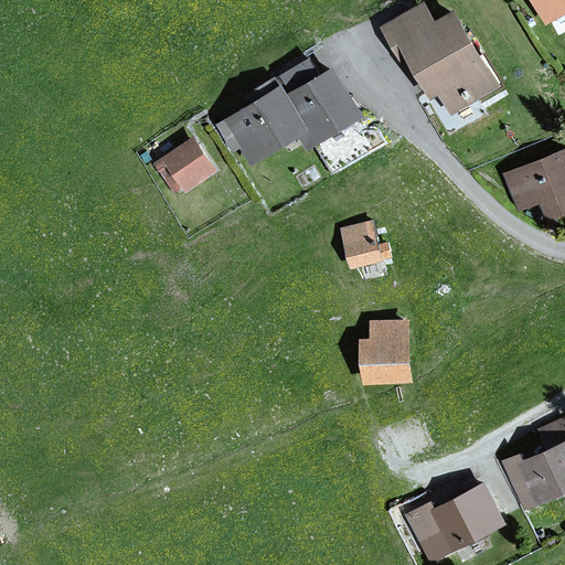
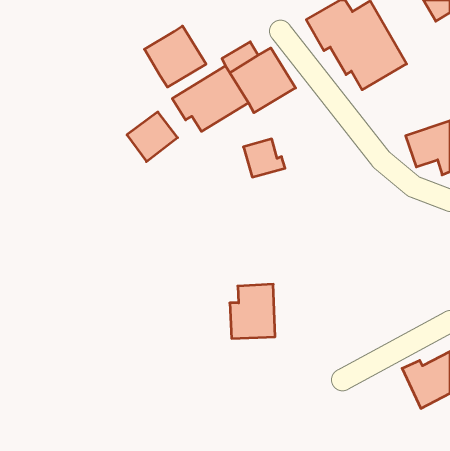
building: none -> [144,26,206,87]
building: [338,221,390,268] -> [243,139,285,177]
building: [358,317,414,384] -> [230,284,275,338]
building: [405,482,505,555] -> none

